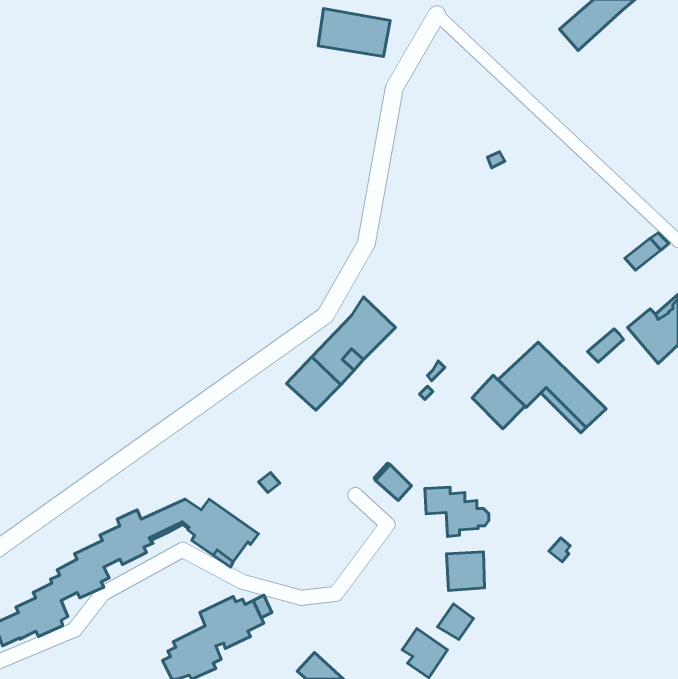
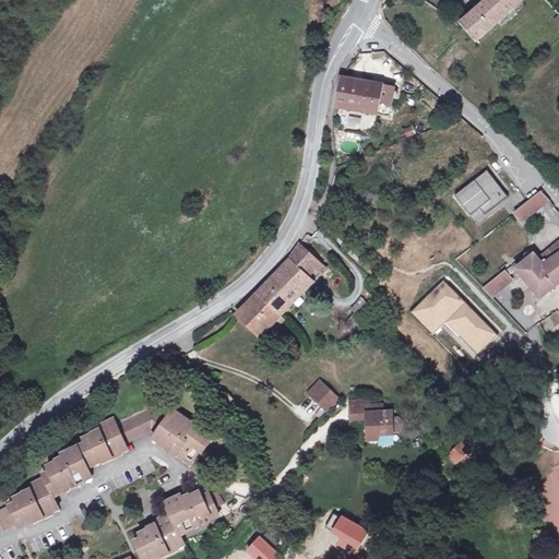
building: [318,9,390,57] -> [334,76,393,116]
building: none -> [454,170,507,215]
building: [472,375,525,429] -> none
building: [447,552,485,591] -> none
building: [437,604,474,639] -> none

